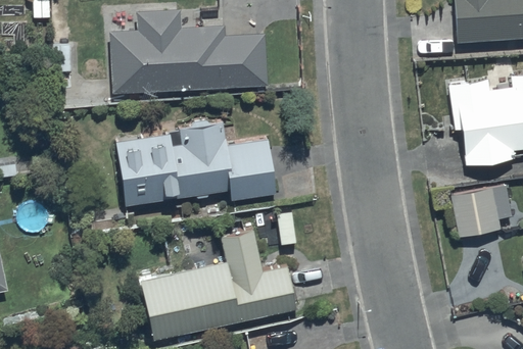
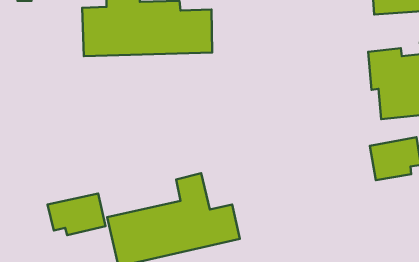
building: [115,123,276,205] -> none
building: none -> [47,193,106,235]

